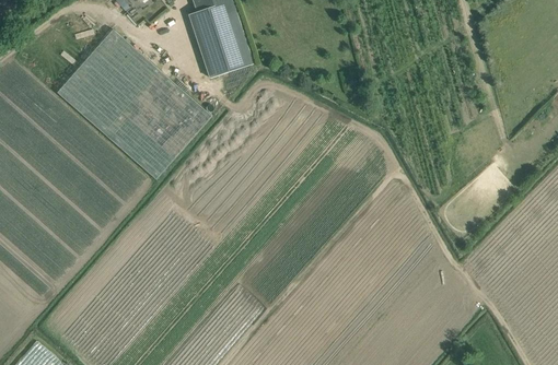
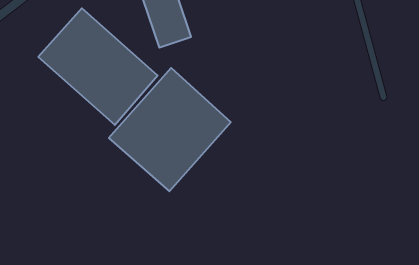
building: none -> [109,68,231,191]

